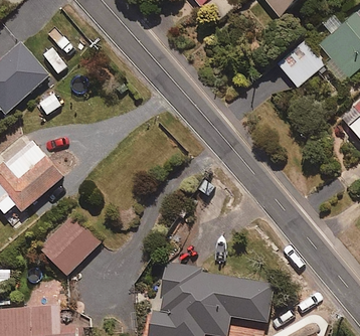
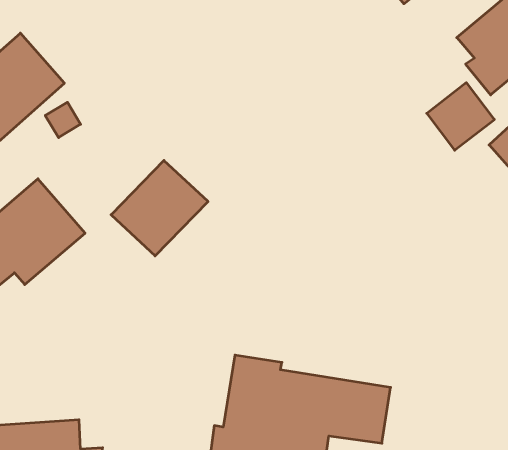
building: [278,41,324,88] -> [427,83,494,150]
building: [35,209,102,275] -> [111,160,208,256]

